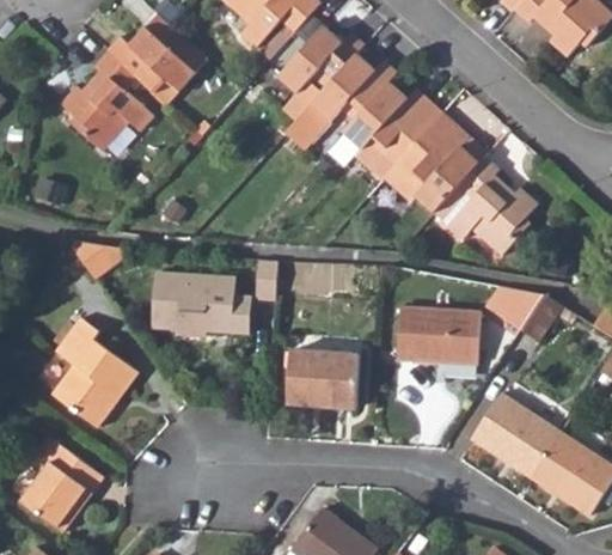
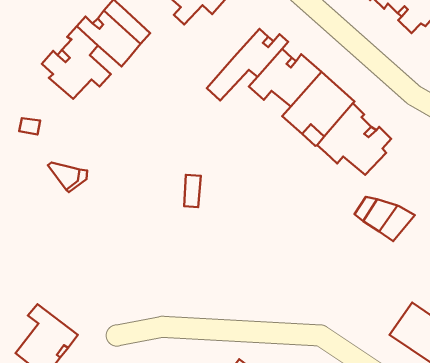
building: [279,28,363,98] -> none
building: [151,270,246,331] -> none
building: [398,303,483,372] -> none
building: [51,318,135,427] -> none
building: [288,349,357,404] -> none
building: [475,390,564,475] -> none

